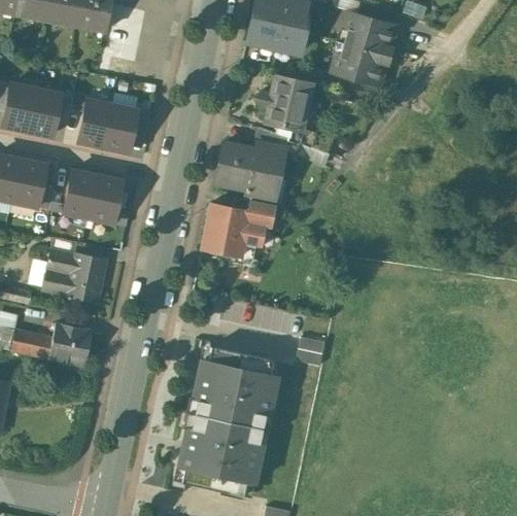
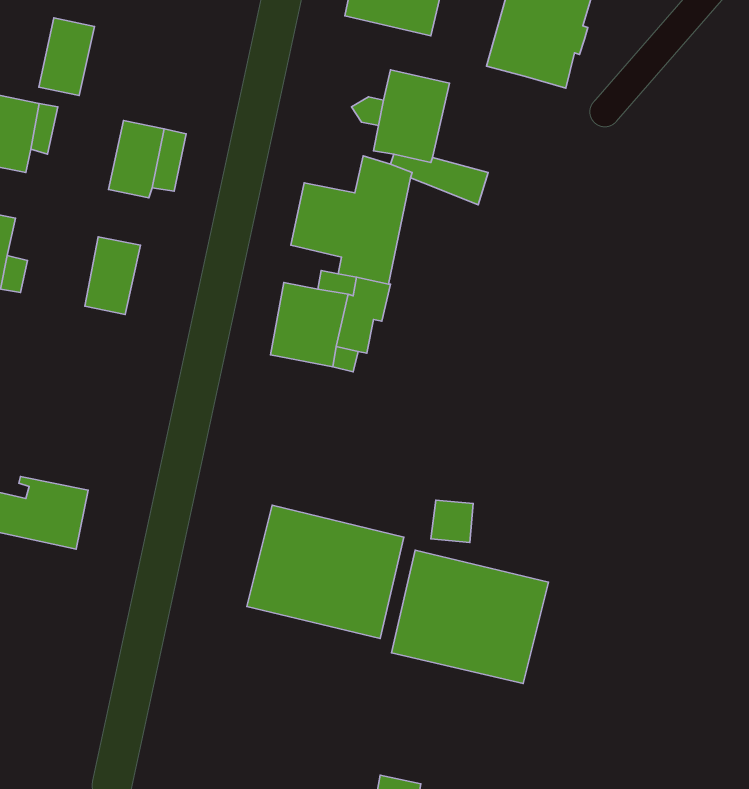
building: [78,100,112,147] -> [39,18,94,96]
building: [63,171,97,218] -> none
building: [44,249,105,303] -> none
building: [173,402,269,483] -> [391,550,548,683]

